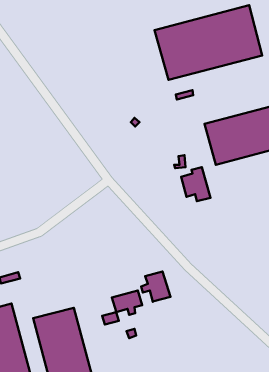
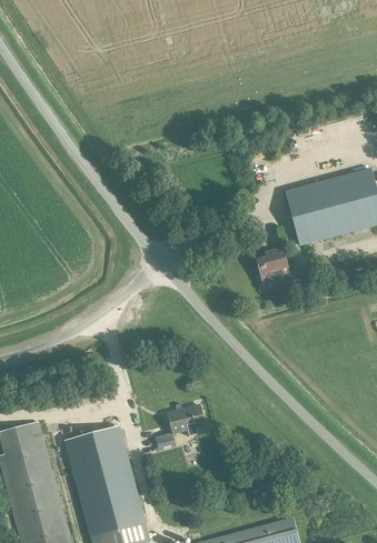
building: [155,5,262,80] -> none
building: [141,271,170,302] -> none

